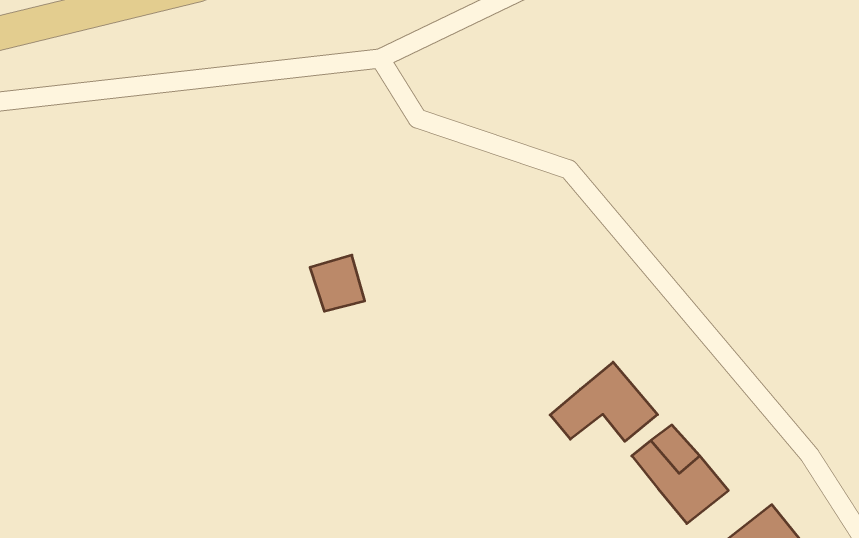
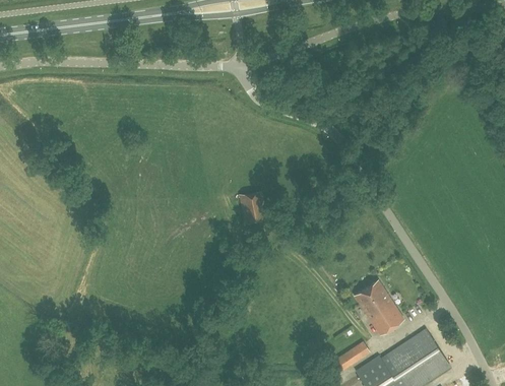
building: [310,255,365,311] -> [238,193,265,221]
building: [550,362,658,441] -> none

